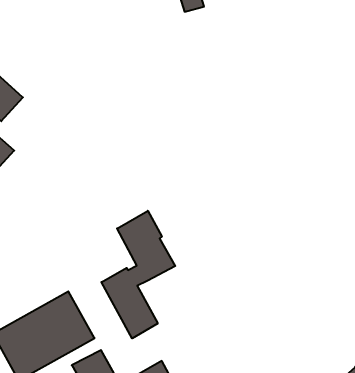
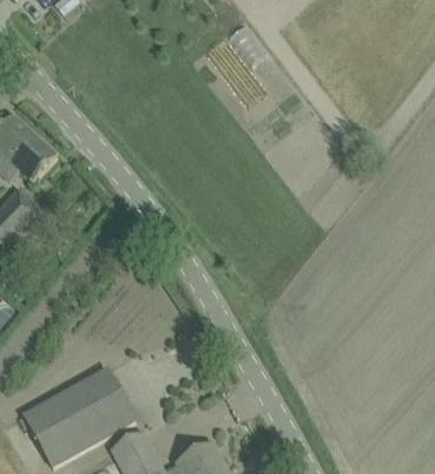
building: [101,211,175,338] -> none

